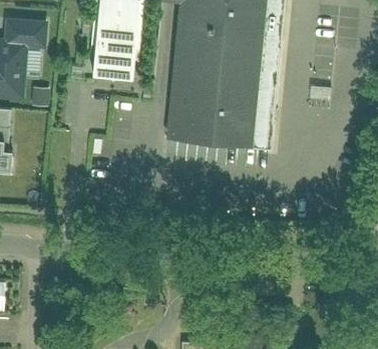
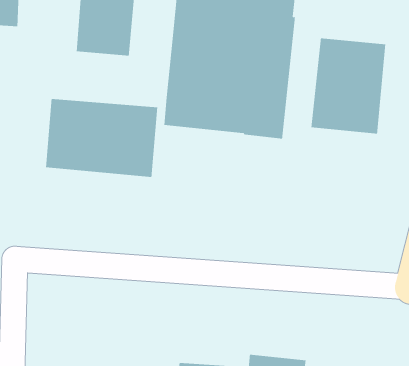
building: none -> [310,38,386,134]
building: none -> [45,98,158,178]

